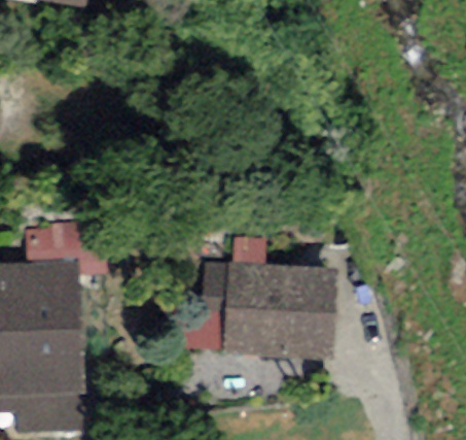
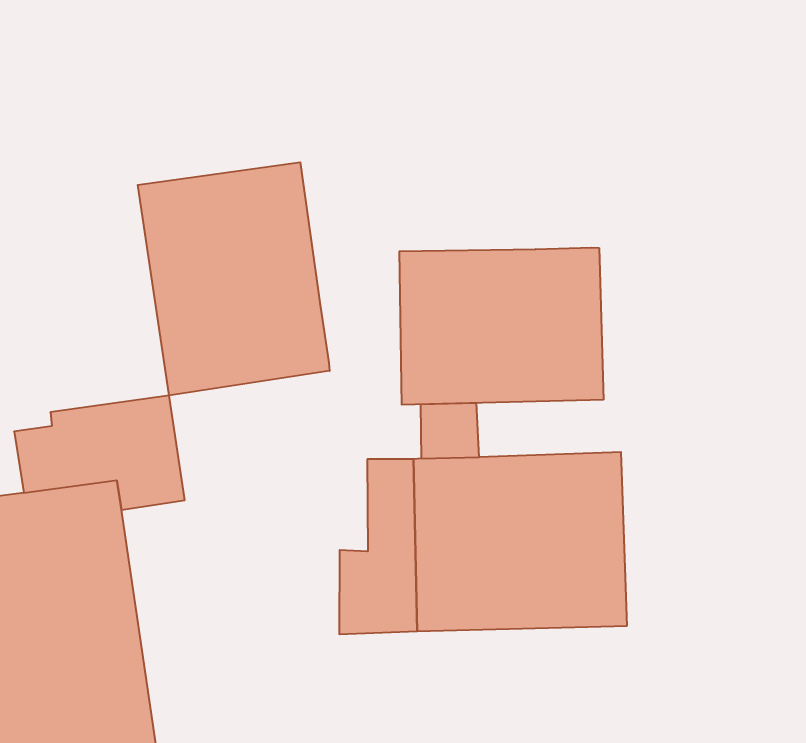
building: none -> [138,162,330,395]
building: none -> [399,248,603,405]

